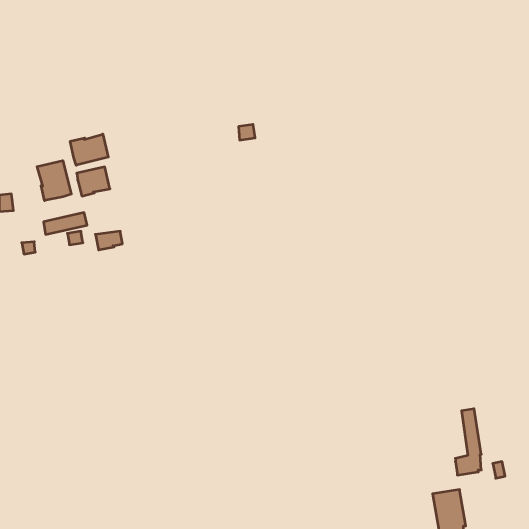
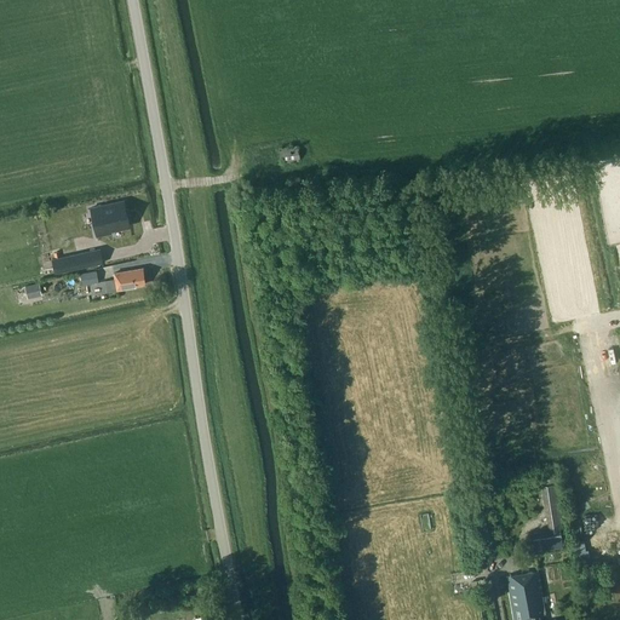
building: [70,134,108,165] -> none
building: [37,161,71,201] -> none

